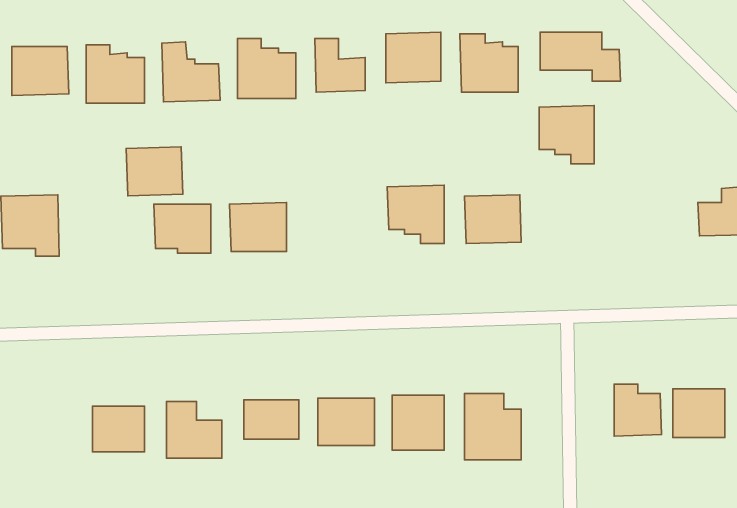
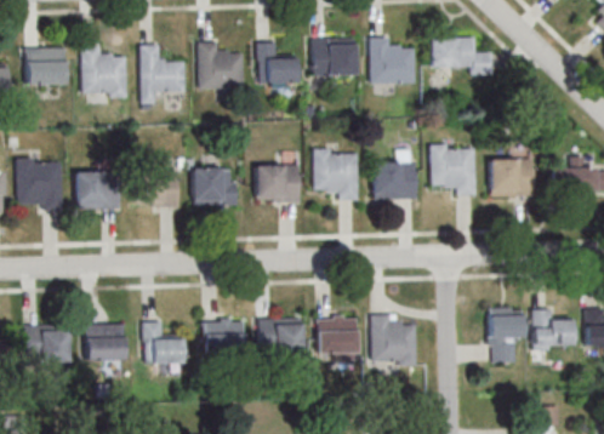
building: [539,106,594,164] -> [433,150,475,195]
building: [126,147,183,196] -> [75,172,119,210]
building: none -> [490,159,532,196]
building: none -> [255,165,298,202]
building: none -> [27,326,69,362]

